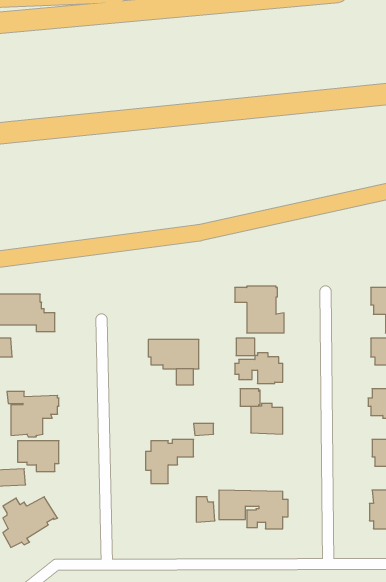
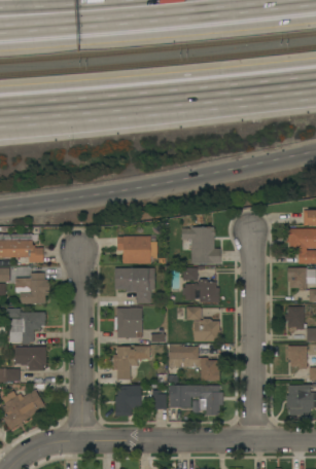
building: none -> [117,236,157,263]
building: none -> [15,273,50,303]
building: none -> [114,308,142,337]
building: none -> [169,346,219,381]
building: none -> [115,385,141,416]

